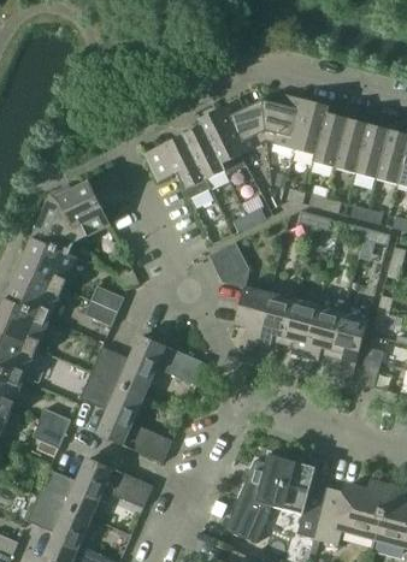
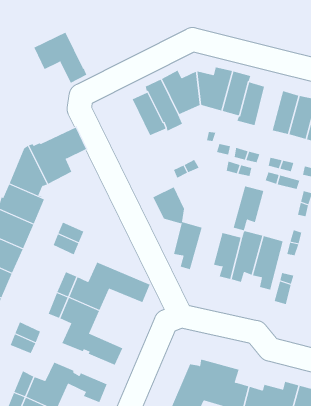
building: [335,119,368,173] -> none
building: [143,135,210,199] -> [33,32,87,84]
building: [255,292,294,348] -> [233,186,264,231]

